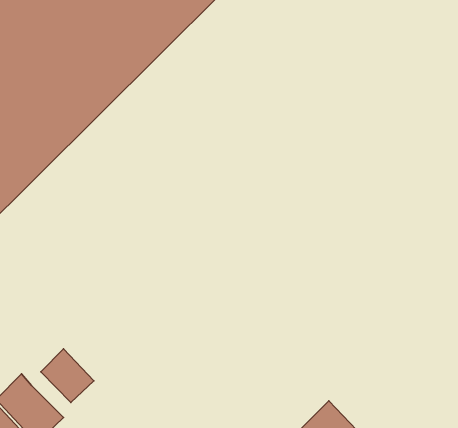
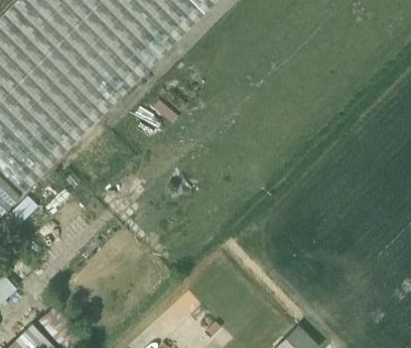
building: [41,349,94,403] -> none

